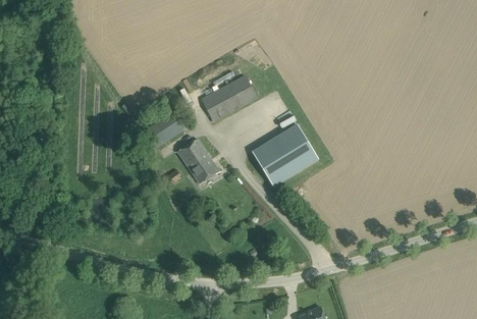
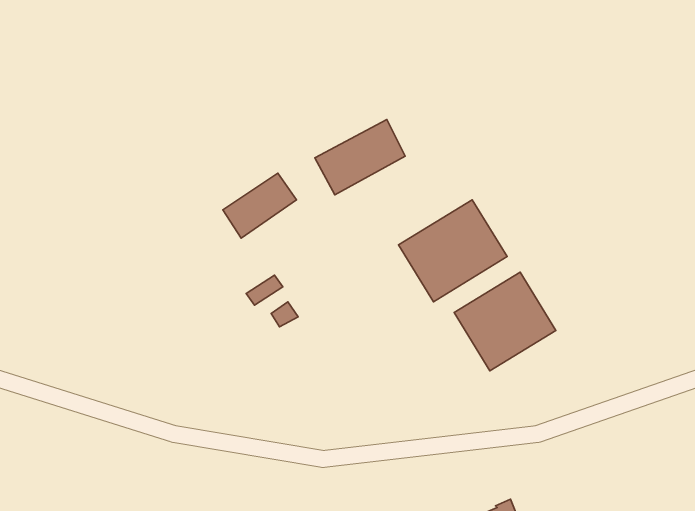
building: [176,140,219,184] -> none
building: none -> [454,272,556,371]

